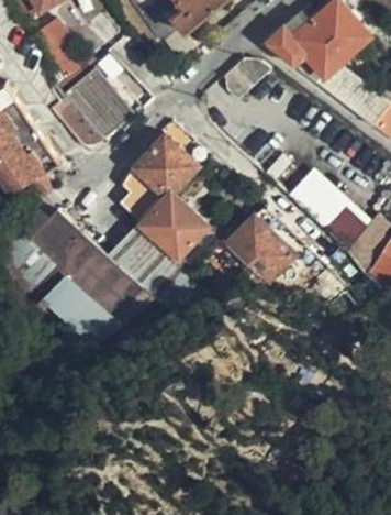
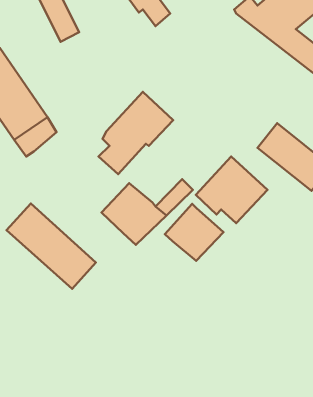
building: [221,58,268,100] -> none
building: [62,68,131,140] -> none
building: [138,193,204,256] -> [165,204,224,261]
building: [25,211,141,324] -> none

